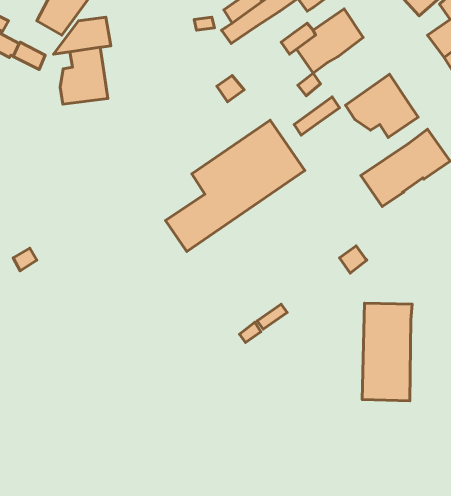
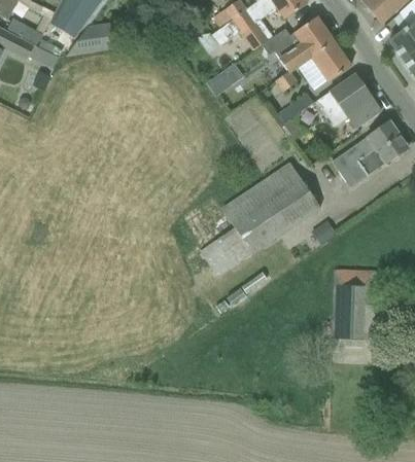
building: none -> [299,40,351,87]
building: [60,47,108,104] -> none
building: [166,120,305,251] -> [200,163,320,276]

